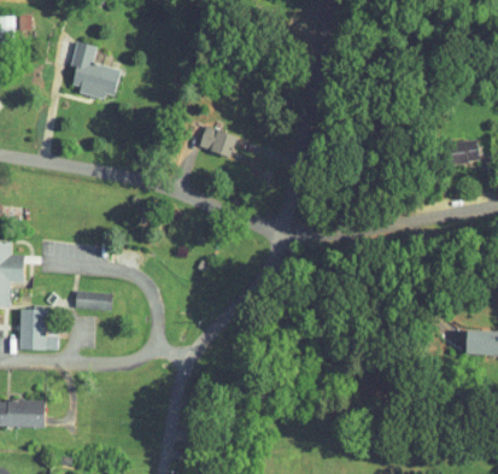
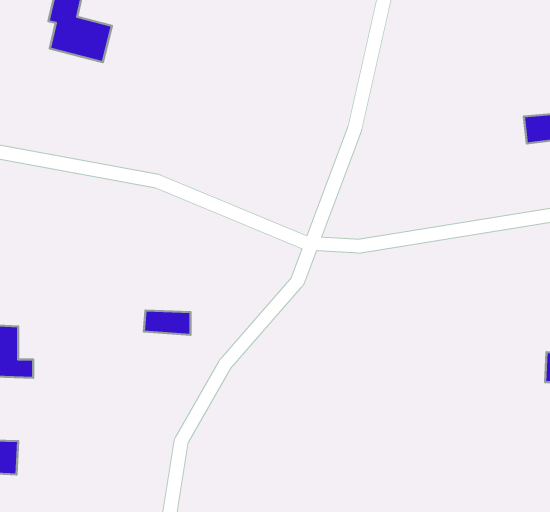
building: [199,125,236,157] -> none
building: [75,292,112,311] -> [144,311,191,335]

